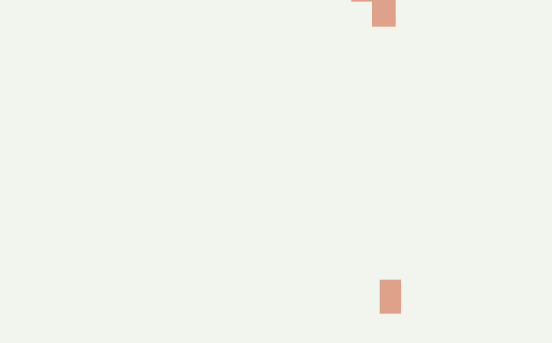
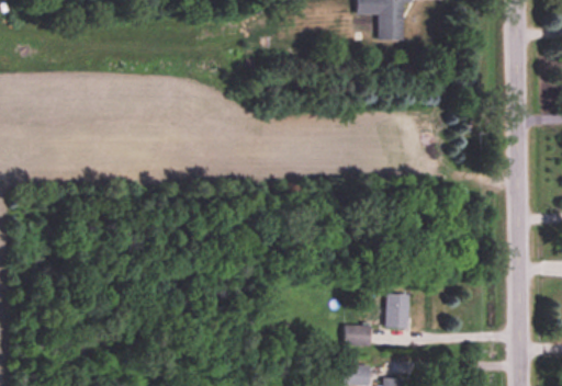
building: none -> [346,325,371,344]

